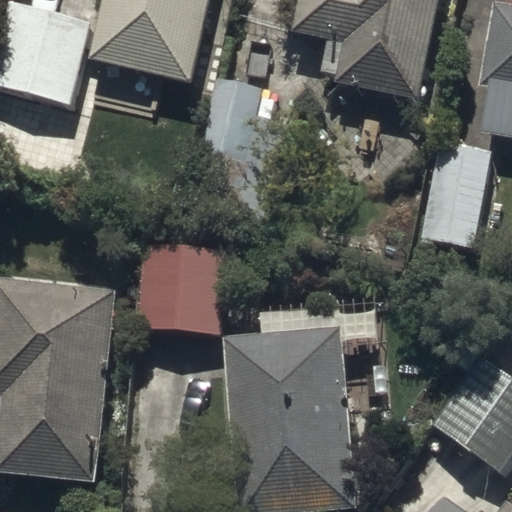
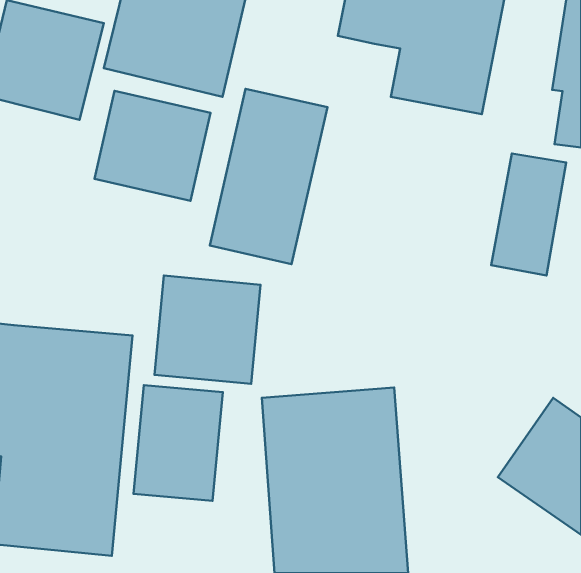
building: none -> [95,91,210,201]
building: none -> [134,385,223,501]

